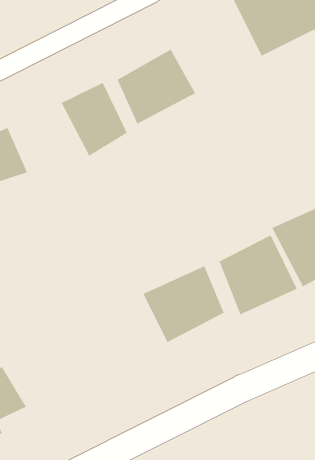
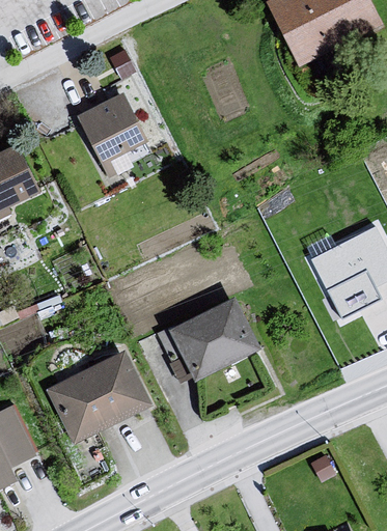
building: [117,49,196,124] -> none
building: [219,235,297,315] -> none
building: none -> [43,351,148,440]

